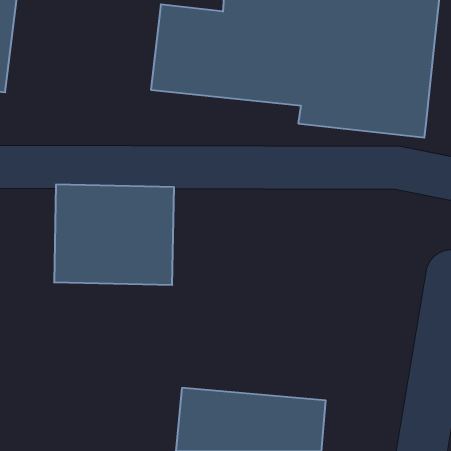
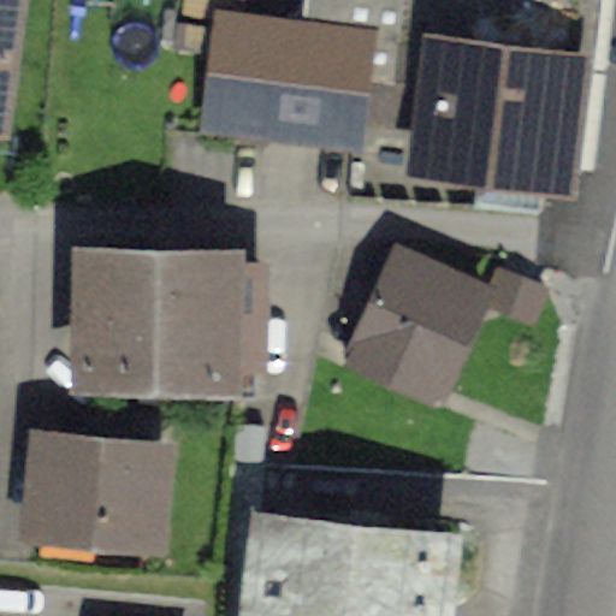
building: none -> [346,260,484,405]
building: none -> [20,443,165,551]

